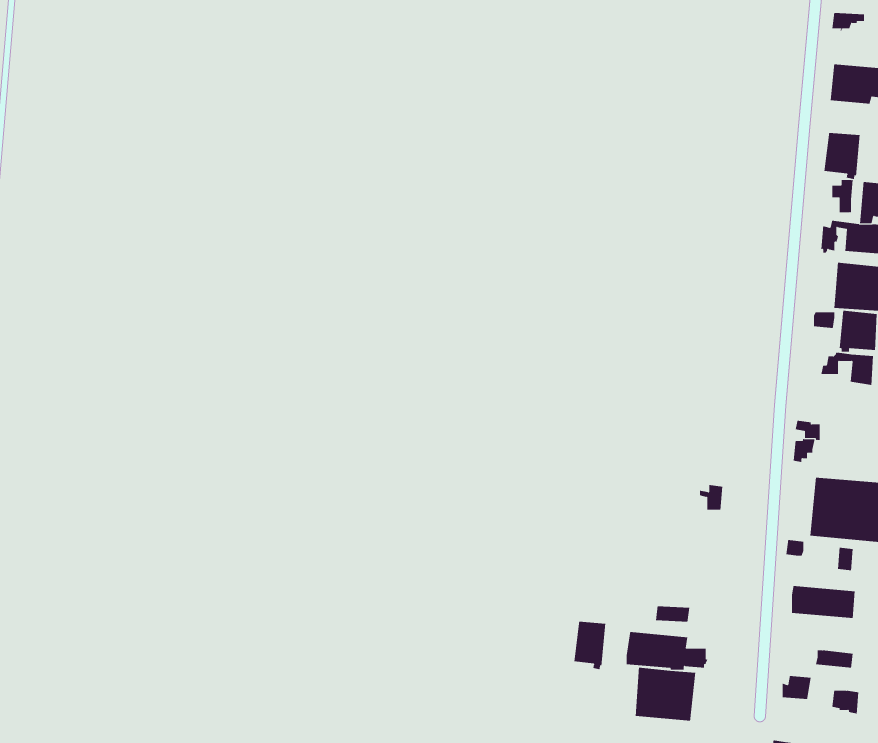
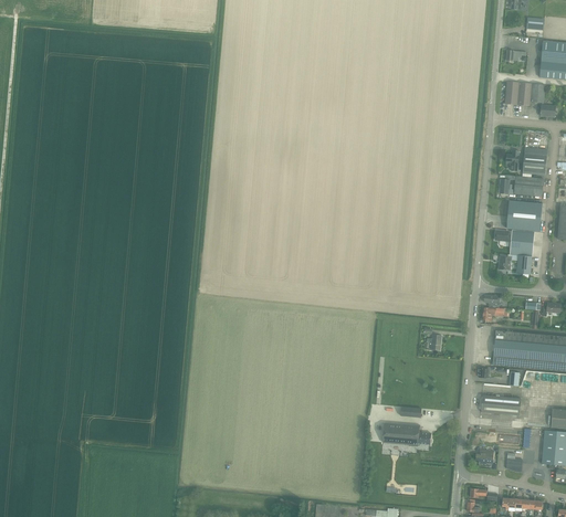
building: [824,132,860,180] -> none
building: [574,621,606,670] -> none
building: [635,667,696,722] -> none

